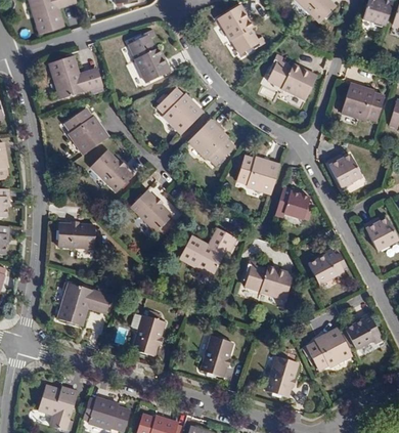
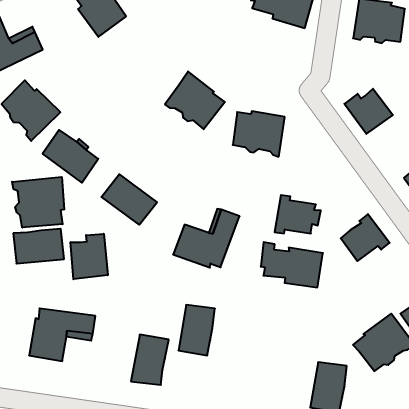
building: [157,87,203,134] -> none
building: none -> [12,177,64,228]
building: [275,187,313,220] -> [275,195,321,233]
building: none -> [71,234,108,279]
building: [199,337,232,378] -> [178,305,215,355]

